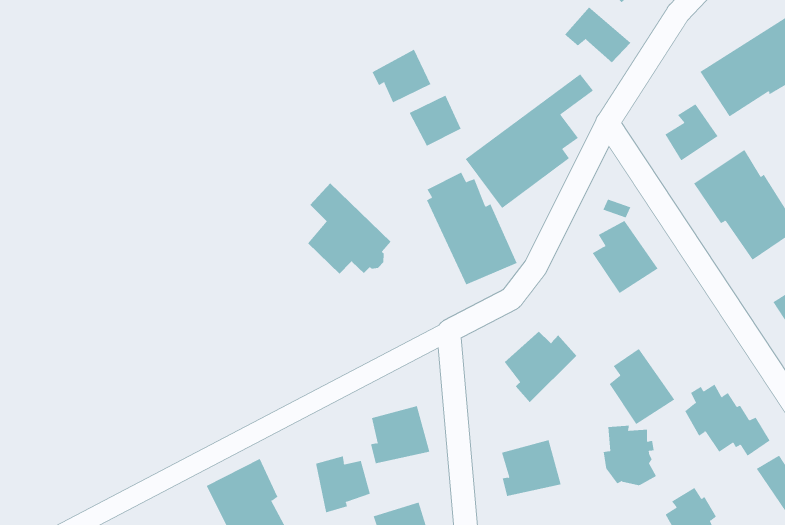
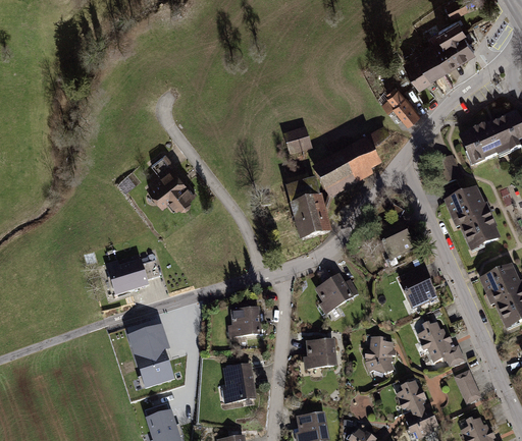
building: [372,49,431,103] -> none
building: [307,183,391,274] -> [147,151,197,208]
building: [609,348,675,425] -> [400,264,437,309]
building: none -> [105,258,161,293]
building: [316,456,370,513] -> none

